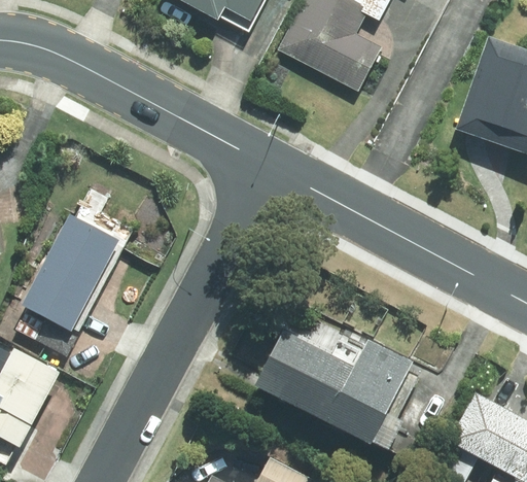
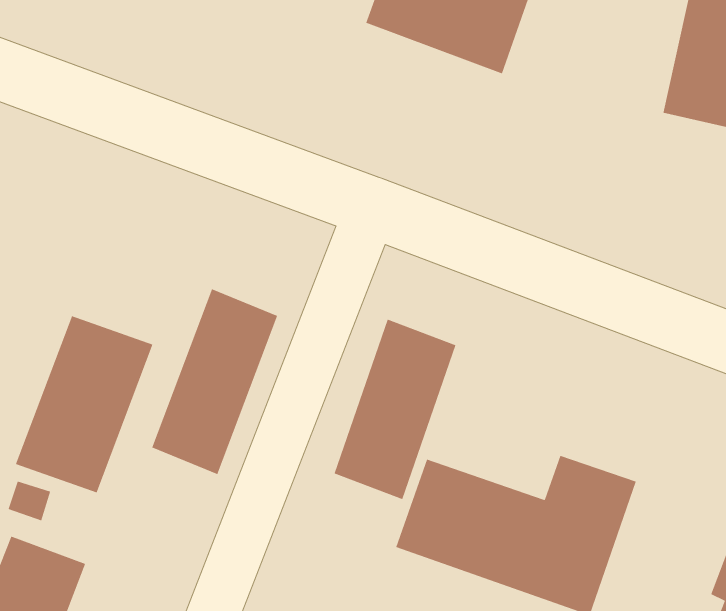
building: none -> [151,288,278,475]
building: none -> [333,318,457,500]

